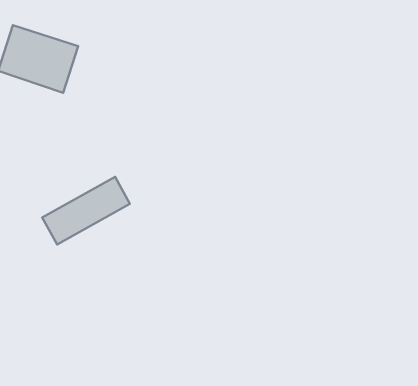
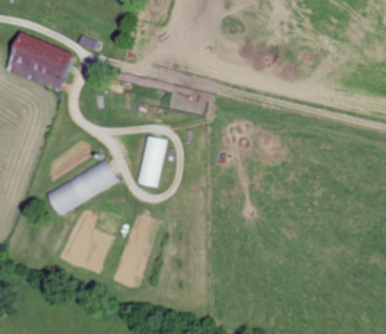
building: none -> [135,136,166,188]

